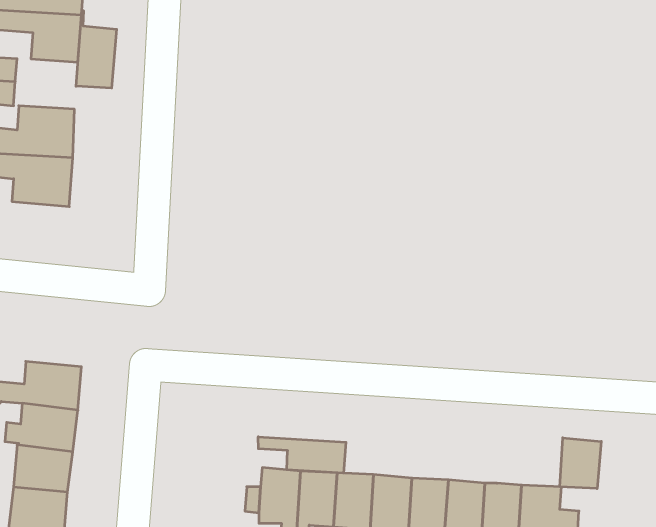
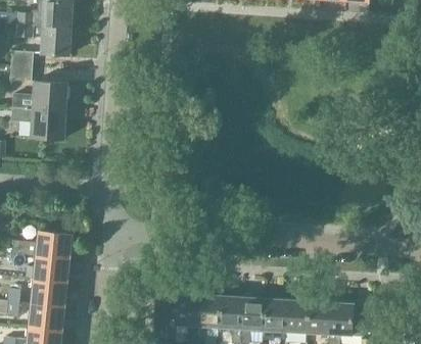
building: [76,10,117,88] -> none
building: [258,437,346,473] -> none
building: [560,438,601,489] -> none

